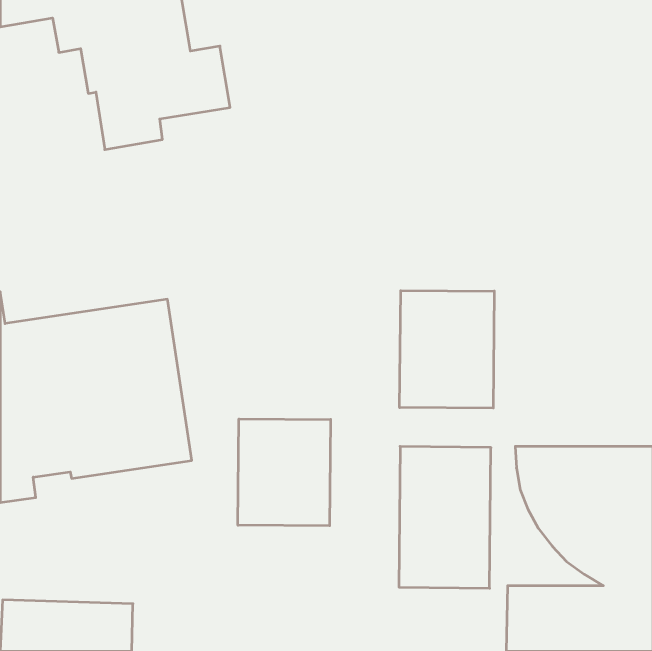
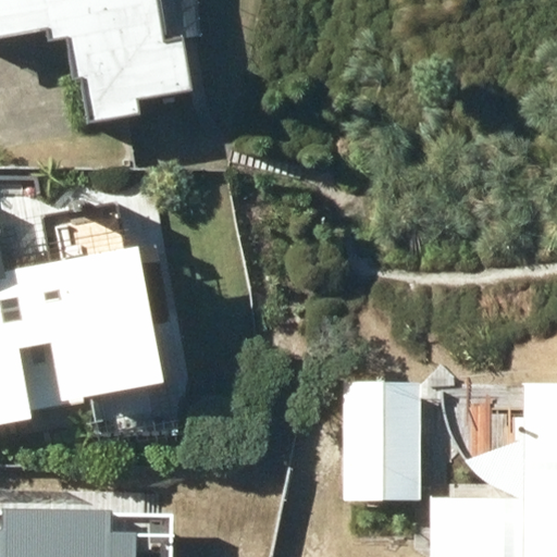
building: [400,291,494,408] -> none
building: [238,419,331,526] -> none

